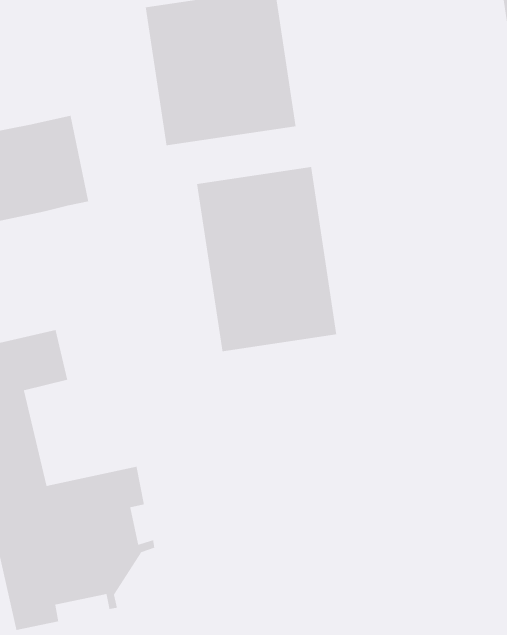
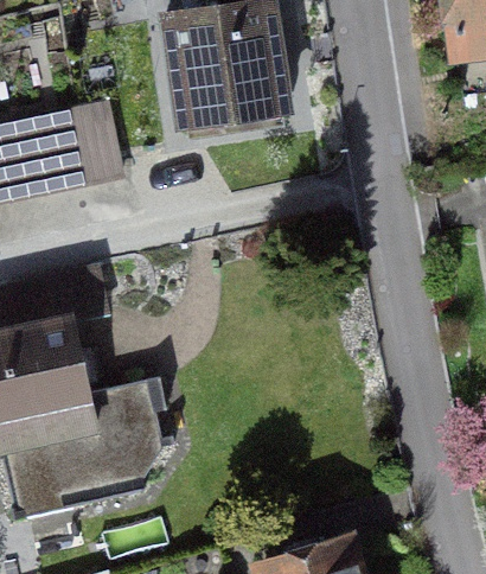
building: [196,166,337,352] -> none

